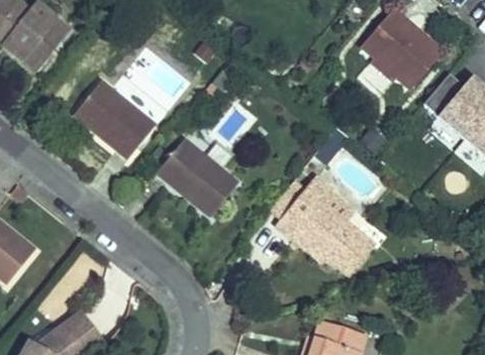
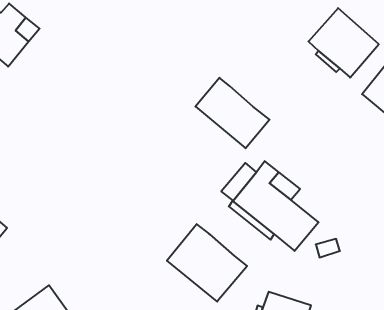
building: [75,79,155,155] -> none
building: [156,138,236,215] -> [195,78,270,148]
building: none -> [167,224,247,302]

